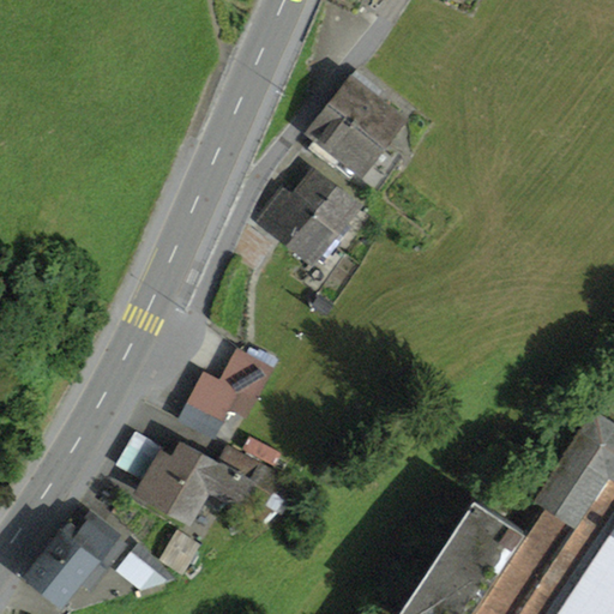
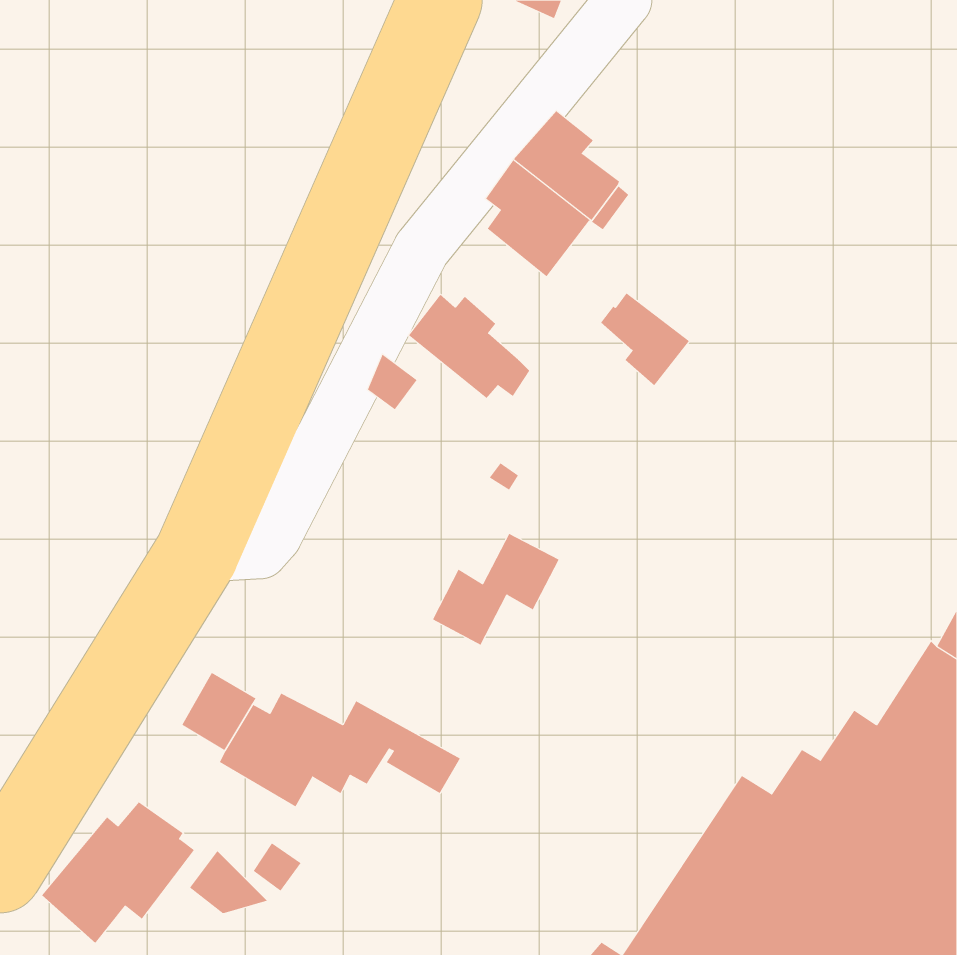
building: [297,171,355,231] -> [600,292,690,386]
building: [191,351,272,423] -> [432,533,559,646]

